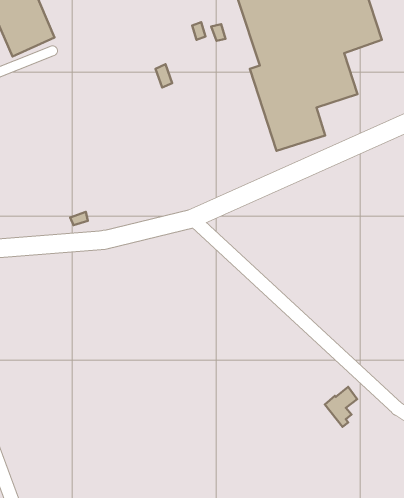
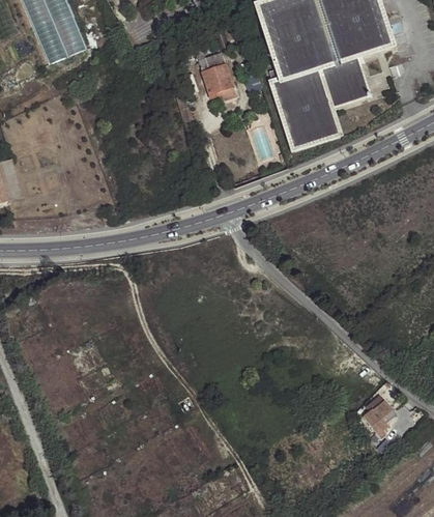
building: none -> [192,41,236,99]
building: [325,387,357,427] -> [363,399,393,436]

